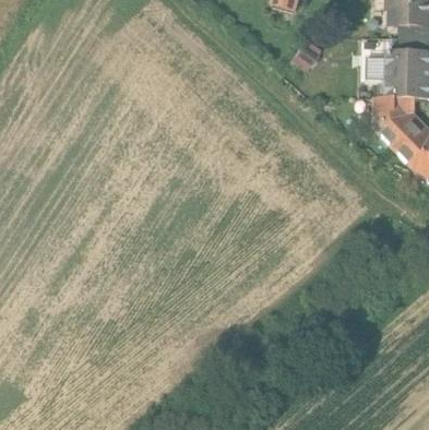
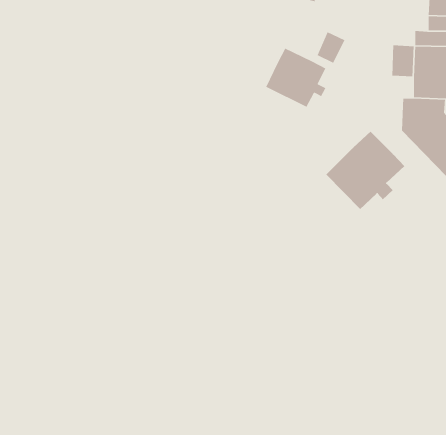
building: none -> [265,47,327,108]
building: none -> [326,131,405,210]

